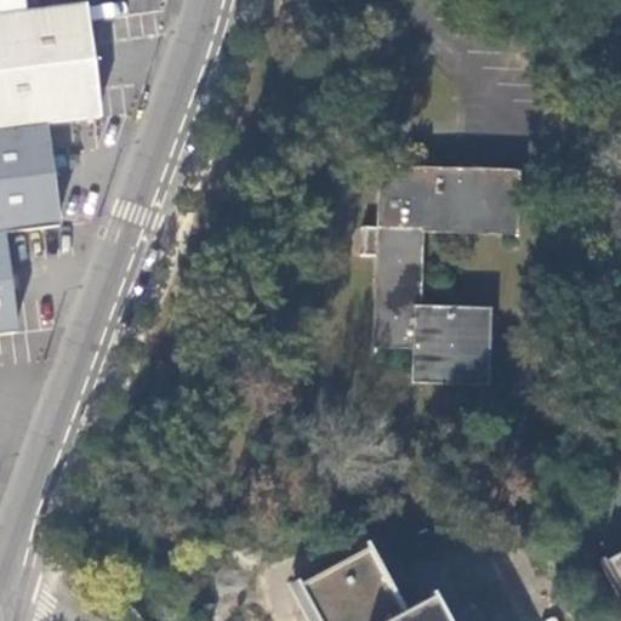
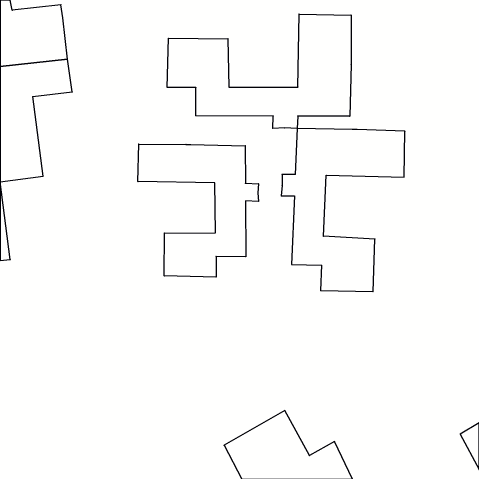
building: none -> [167,14,351,128]
building: none -> [138,144,258,277]

